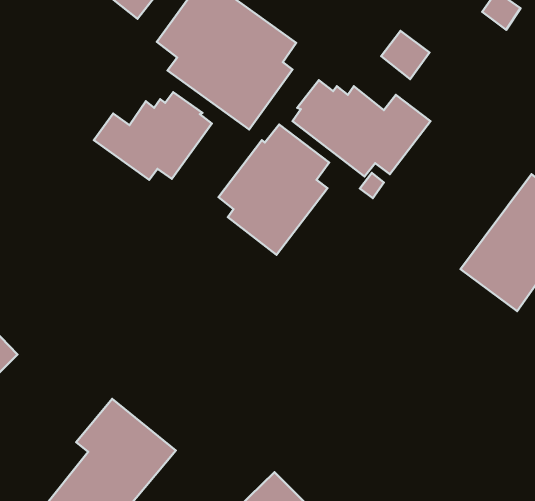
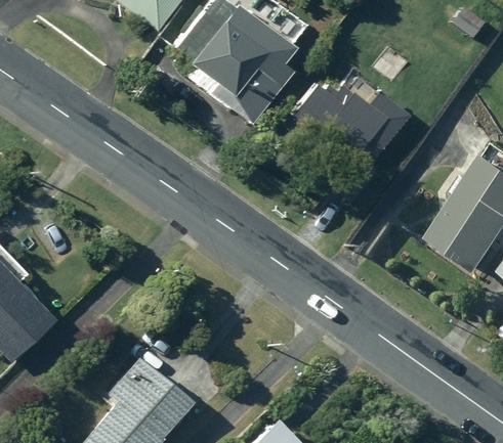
building: [94,92,212,180] -> none
building: [219,125,329,255] -> none

